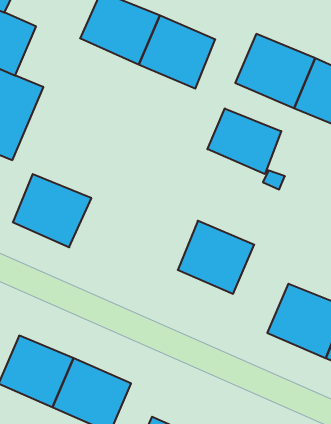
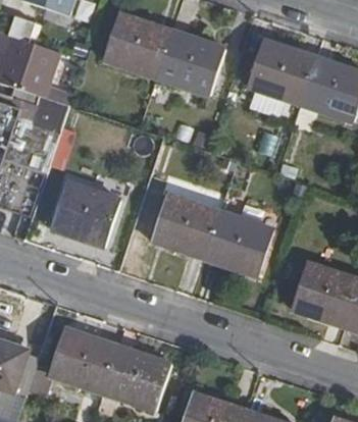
building: [207,108,281,174] -> none
building: none -> [152,195,219,259]

